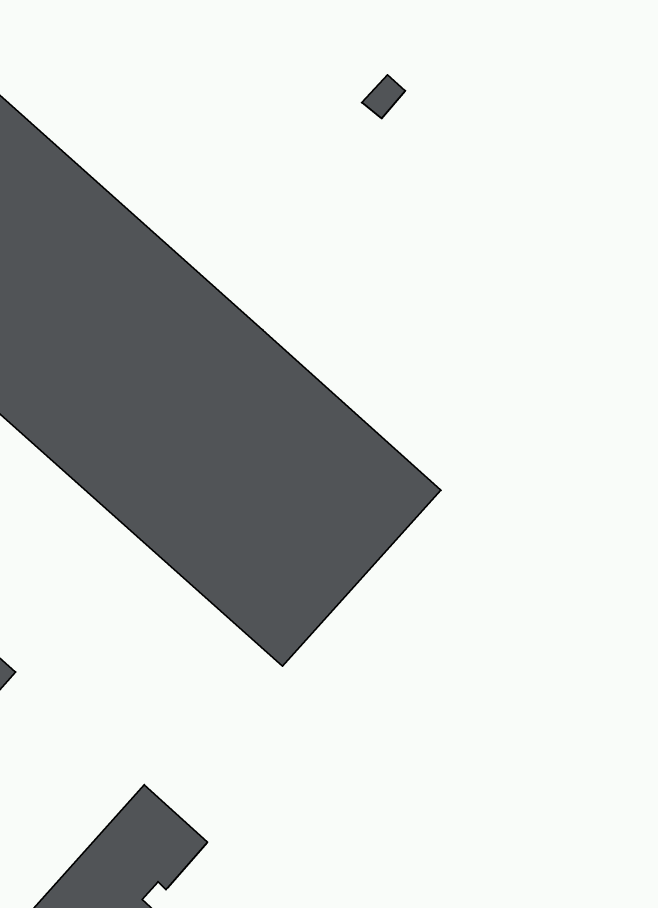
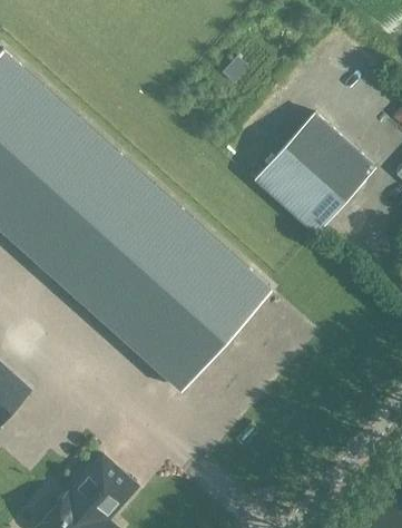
building: none -> [257,116,375,235]

